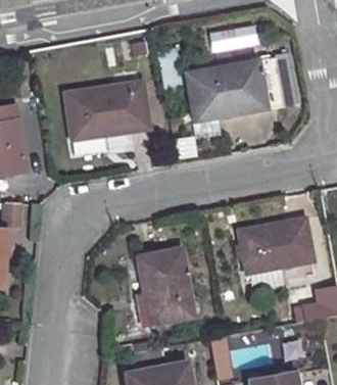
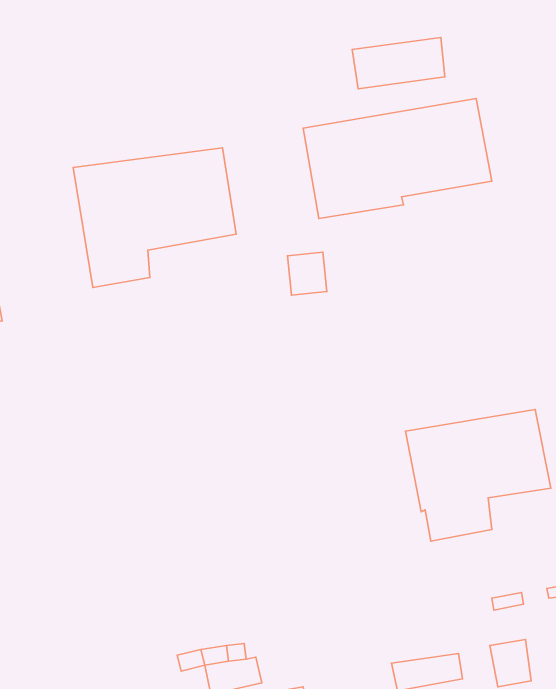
building: [133,248,191,324] -> none

